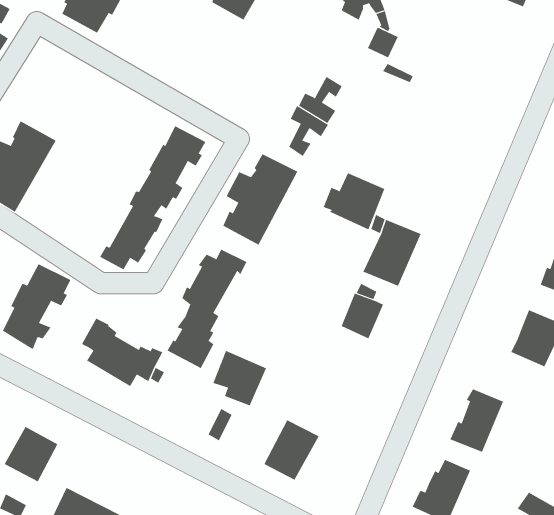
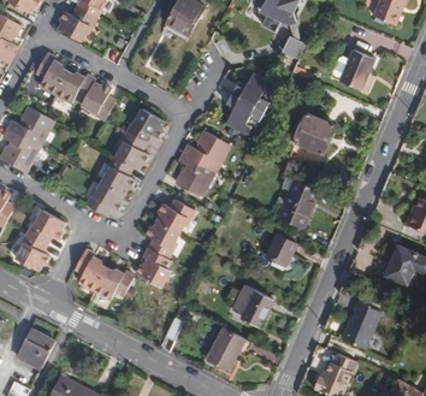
building: none -> [329,46,374,88]
building: none -> [32,52,114,120]
building: [323,173,385,230] -> [289,111,335,153]
building: [213,350,267,406] -> [235,283,274,324]

